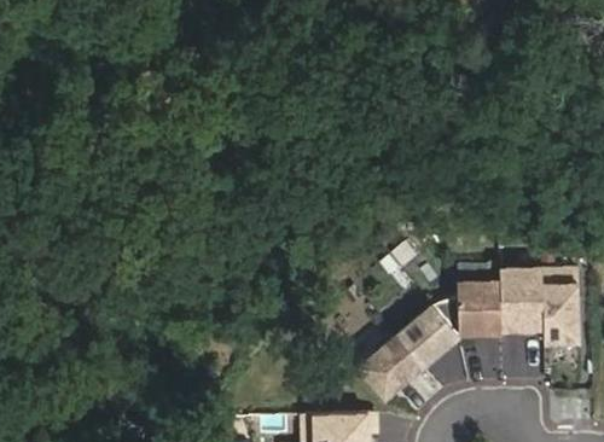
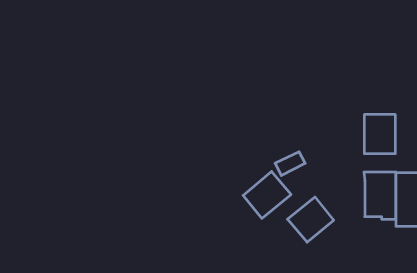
building: [459,281,501,335] -> [364,115,395,154]
building: [358,333,423,397] -> [243,171,291,218]

